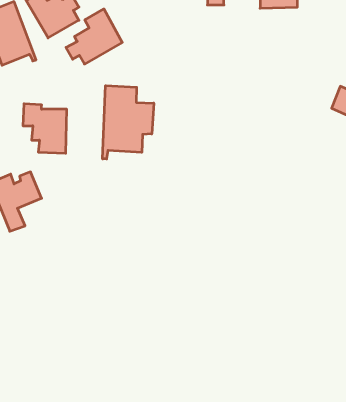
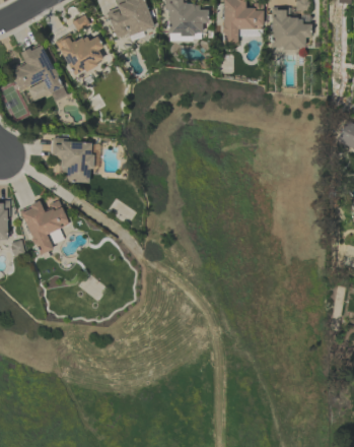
building: [66,9,122,64] -> none
building: [103,86,154,159] -> none

